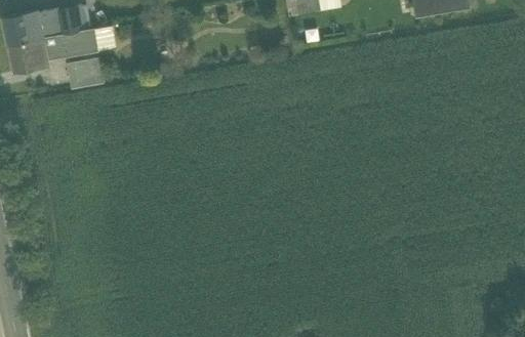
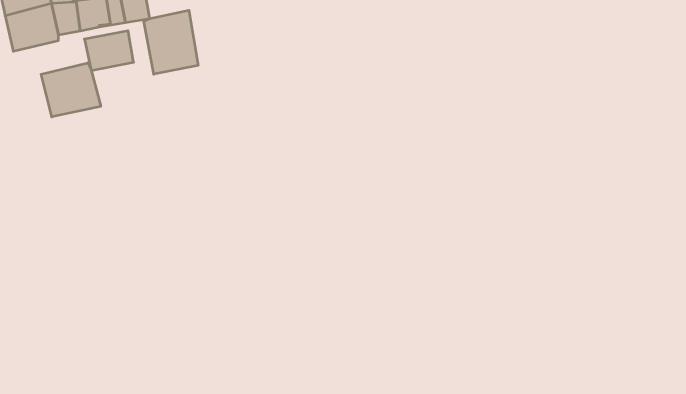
building: none -> [144,10,198,74]
building: none -> [41,63,101,117]

